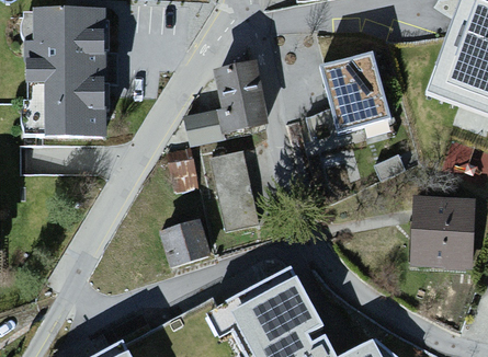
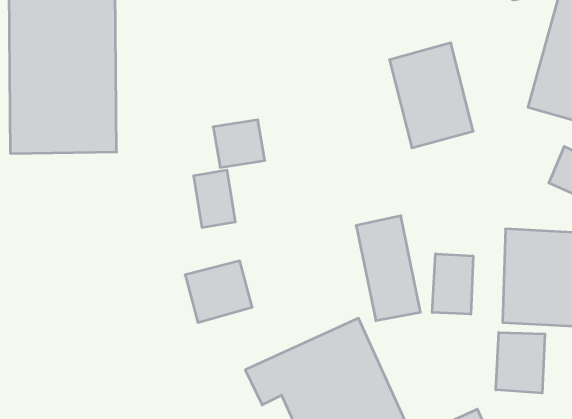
building: [214,61,266,131] -> none
building: [209,151,260,233] -> [356,216,420,321]
building: none -> [432,254,473,314]
building: none -> [496,332,545,393]

